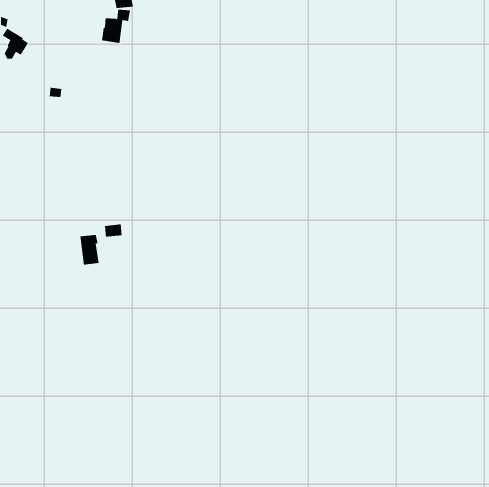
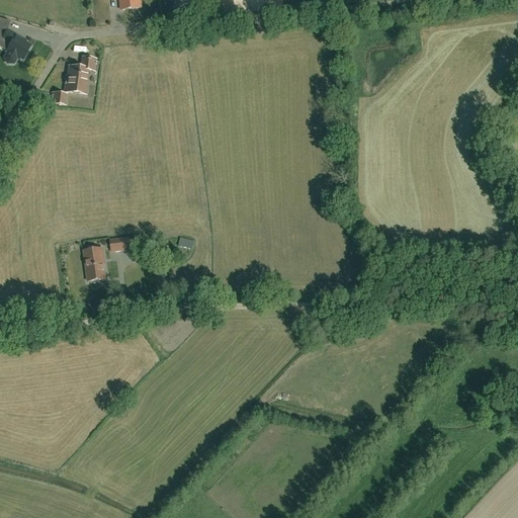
building: [101,9,131,44] -> [65,57,96,93]

